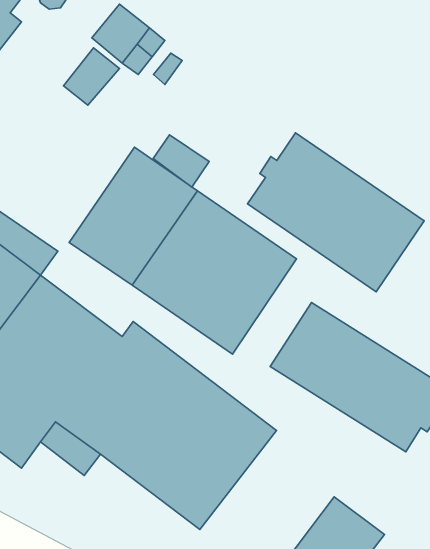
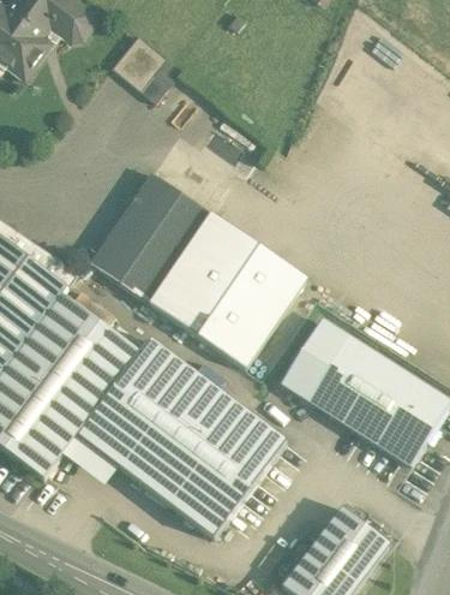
building: [64,48,119,105] -> none
building: [248,133,424,292] -> none
building: [153,135,209,187] -> none

